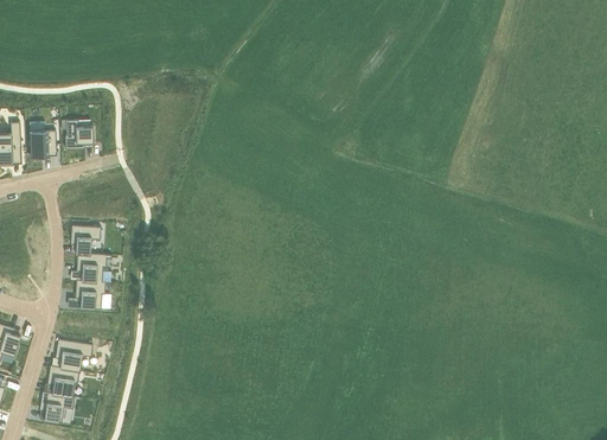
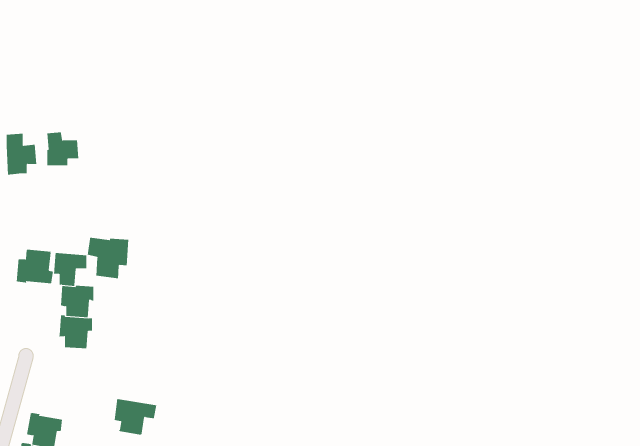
building: none -> [87,237,129,279]
building: none -> [16,249,54,284]
building: [56,339,94,371] -> [114,398,157,435]

